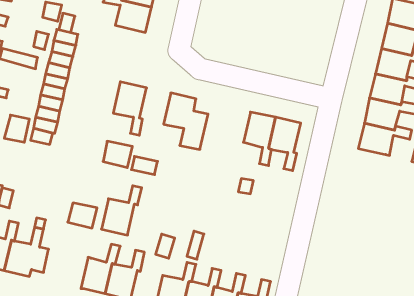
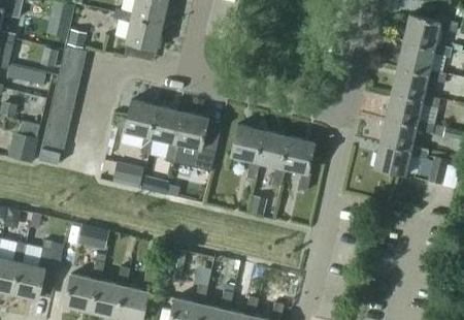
building: none -> [150,106,181,161]
building: none -> [230,125,263,180]
building: [101,186,142,235] -> [63,261,104,312]

